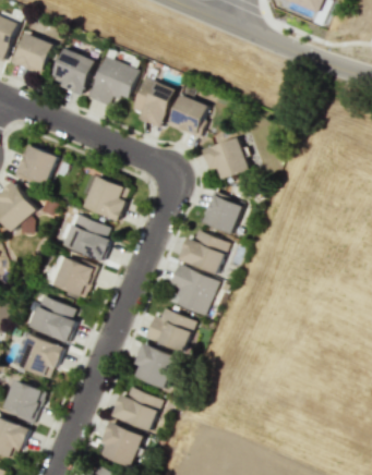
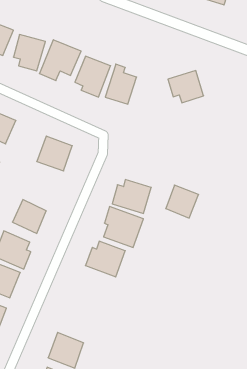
building: [203,138,248,179] -> [168,71,204,103]
building: [201,193,242,234] -> [166,185,199,218]
building: [62,215,110,261] -> none
building: [133,343,176,389] -> none
building: [111,388,160,430] -> none

